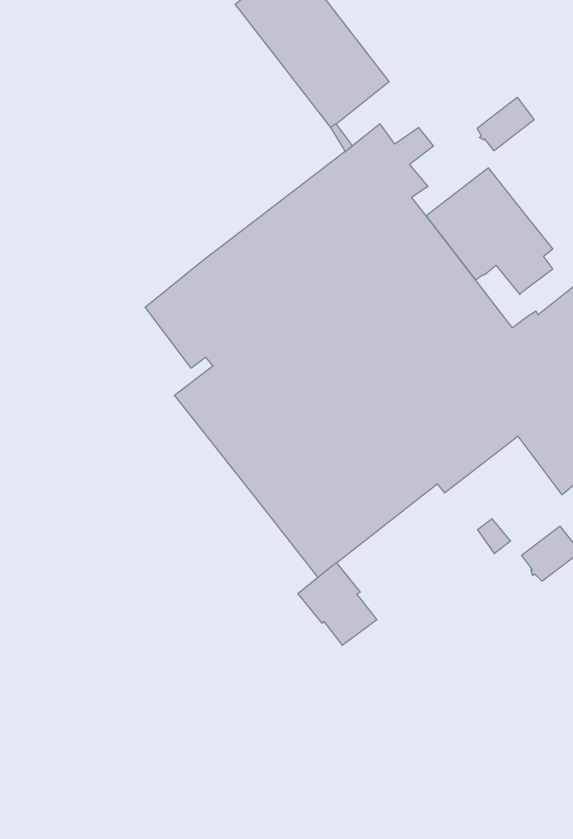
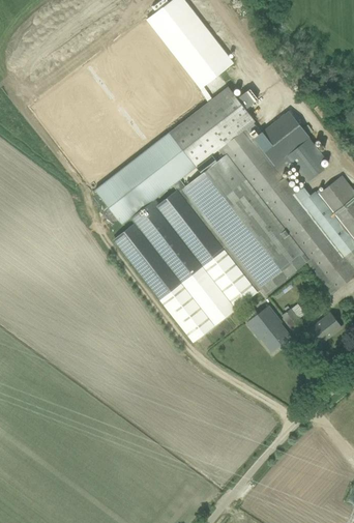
building: [477,97,534,151] -> none
building: [298,563,377,645] -> [246,304,291,351]

